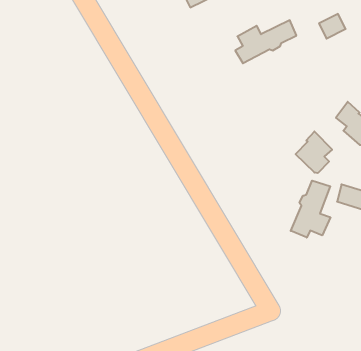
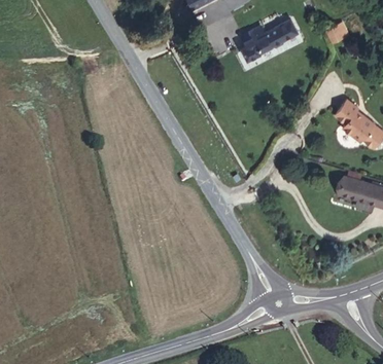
building: [296,131,332,173] -> none
building: [291,181,330,238] -> none

